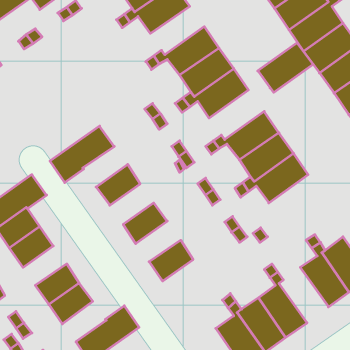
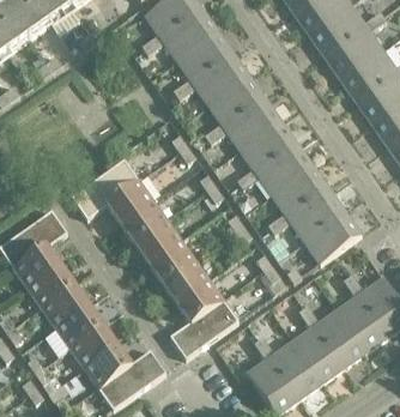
building: none -> [177,32,235,84]
building: [258,43,313,92] -> [240,121,298,174]
building: none -> [105,181,153,224]
building: none -> [303,211,362,264]
building: none -> [134,220,181,264]
building: none -> [162,260,210,303]
building: none -> [42,286,89,328]
building: none -> [170,301,238,358]
building: none -> [314,309,366,368]
building: none -> [84,345,131,388]

